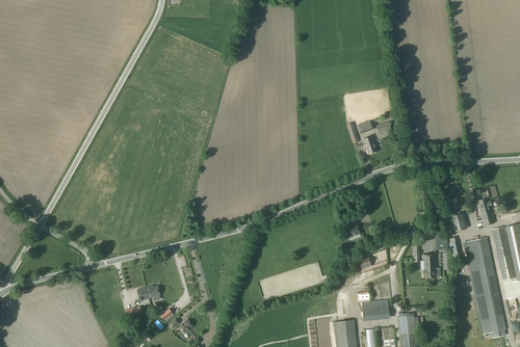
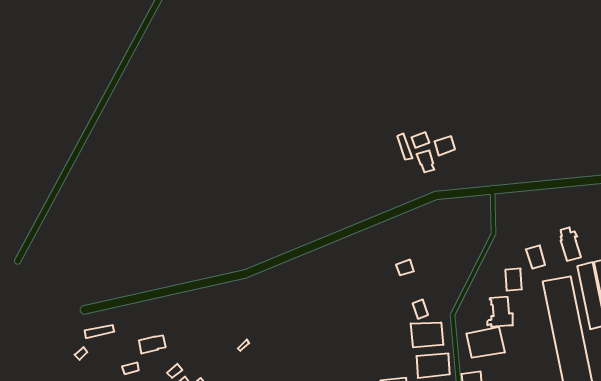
building: none -> [411,322,443,347]
building: none -> [467,327,505,358]

